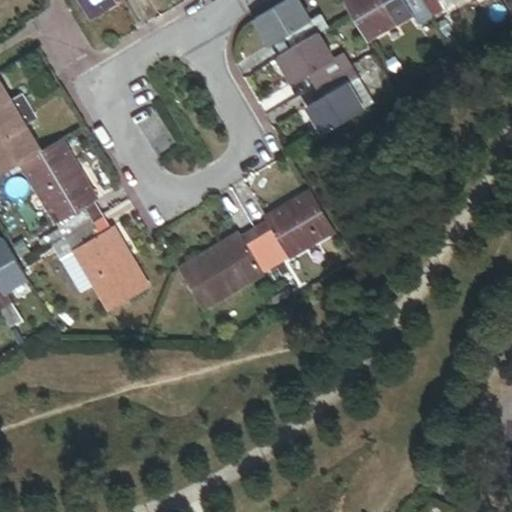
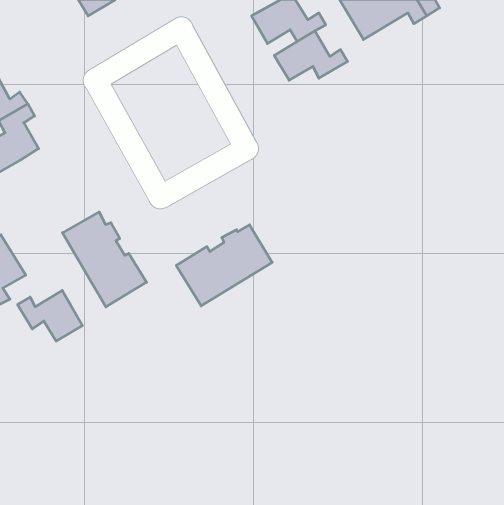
building: [307,62,363,132] -> none
building: [20,138,100,235] -> none
building: [252,189,334,265] -> none
building: none -> [18,290,82,341]

